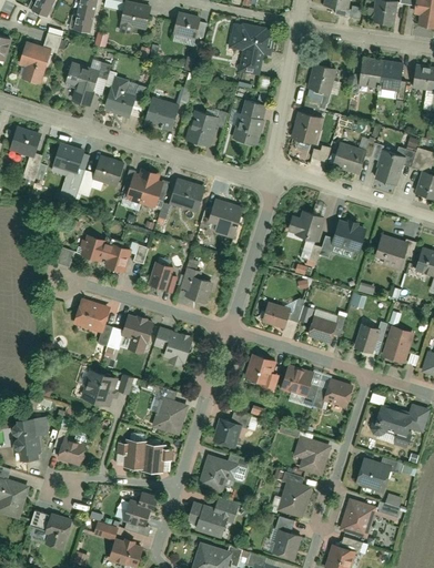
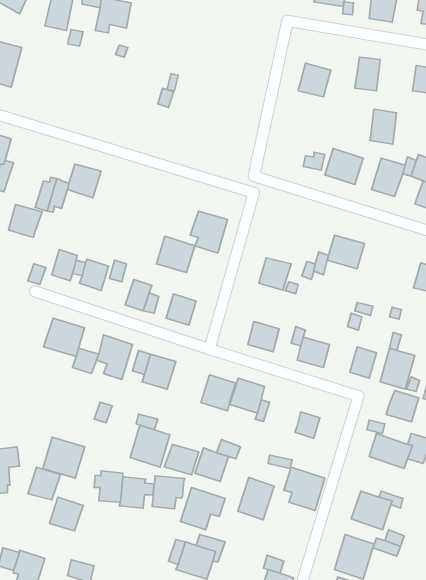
building: [171,11,200,38] -> none
building: [230,21,274,74] -> none
building: [379,59,403,91] -> [370,109,397,144]
building: [64,62,98,105] -> none
building: [102,74,137,118] -> none
building: [145,97,181,129] -> none
building: [233,100,268,144] -> none
building: [185,110,218,146] -> none
building: [289,111,322,145] -> none
building: [53,142,84,172] -> [8,205,42,237]
building: [124,168,163,209] -> none
building: [169,178,204,211] -> [157,236,195,272]
building: [294,211,324,241] -> [259,258,291,290]
building: [375,234,408,270] -> none
building: [281,364,313,397] -> [201,375,236,411]
building: [79,369,118,407] -> [43,437,85,478]
building: [323,378,353,407] -> [386,390,419,422]
building: none -> [164,444,199,475]
building: none -> [152,476,185,509]
building: [277,478,311,517] -> [238,478,274,520]
building: [122,496,153,527] -> [49,497,83,531]

